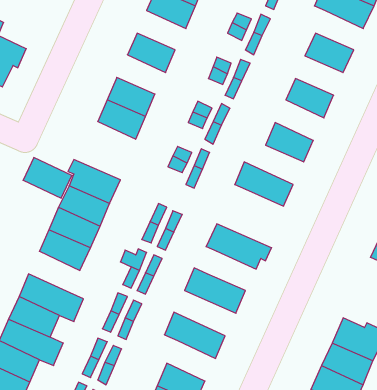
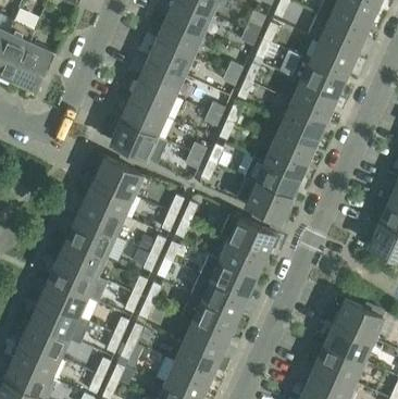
building: none -> [310,15,363,55]
building: none -> [157,20,201,55]
building: none -> [291,57,345,97]
building: none -> [138,60,183,96]
building: none -> [283,101,327,138]
building: none -> [264,142,309,178]
building: [23,158,72,198] -> [111,121,156,158]
building: none -> [246,183,290,222]
building: none -> [58,239,104,277]
building: none -> [221,239,265,275]
building: none -> [190,275,247,316]
building: none -> [184,321,228,358]

